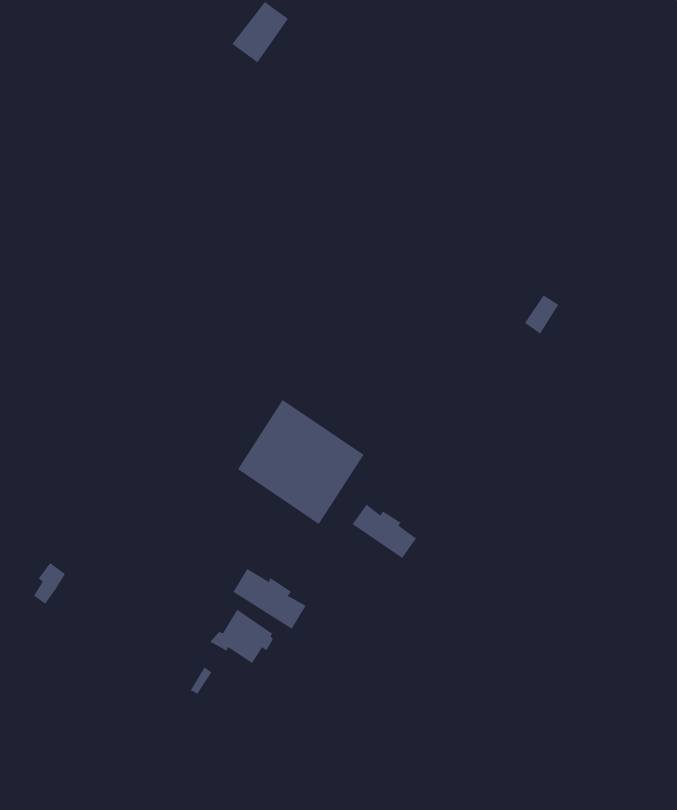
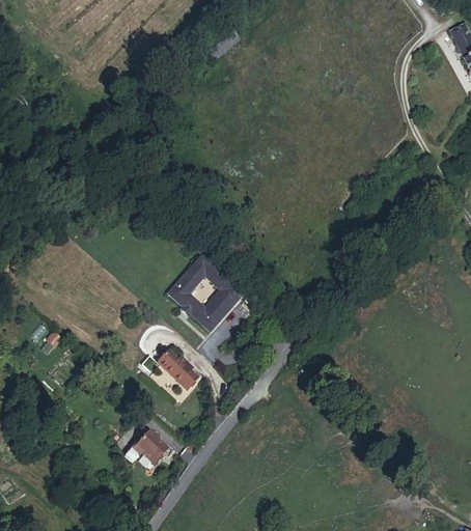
building: [352,504,417,559] -> none
building: [209,609,274,664] -> [129,430,166,464]

